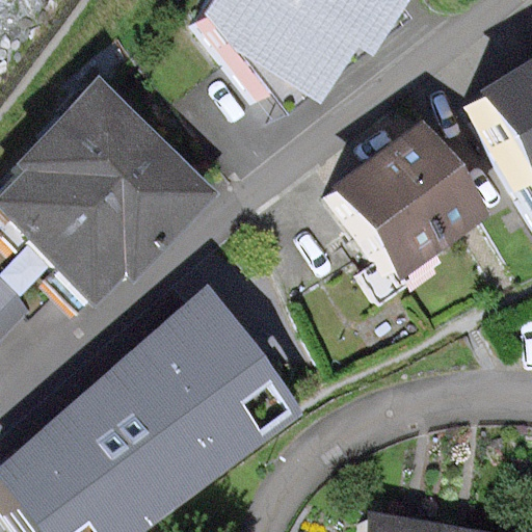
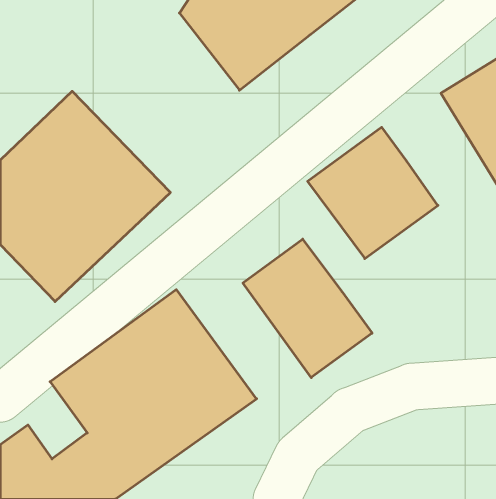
building: none -> [243,239,372,378]

